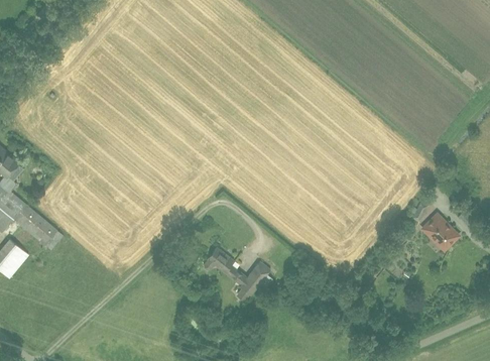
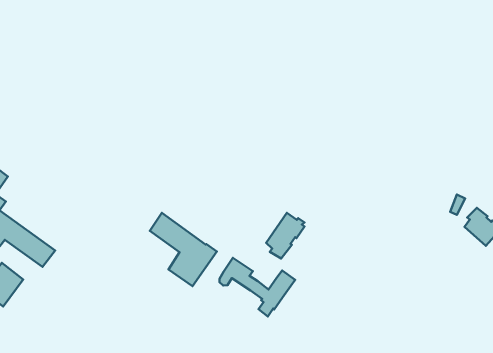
building: none -> [150,213,217,286]
building: none -> [266,213,304,258]

